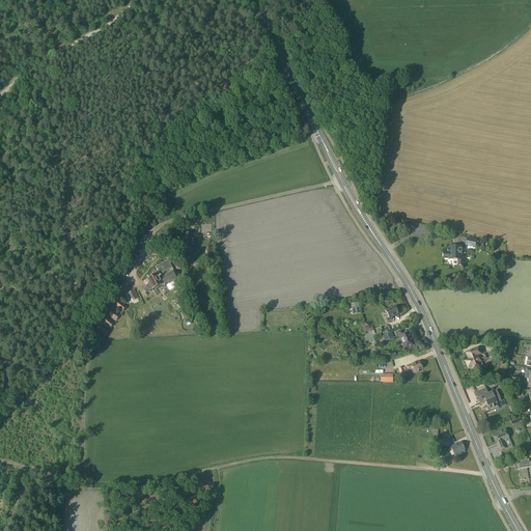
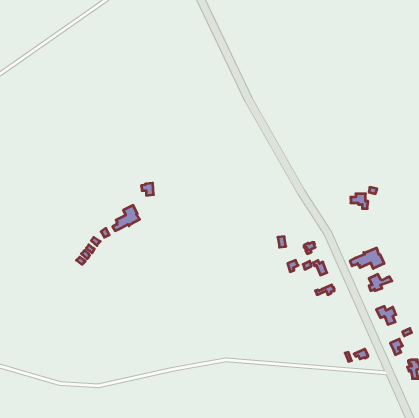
building: none -> [350,248,384,269]

